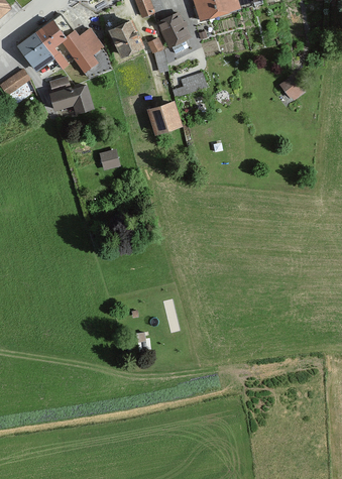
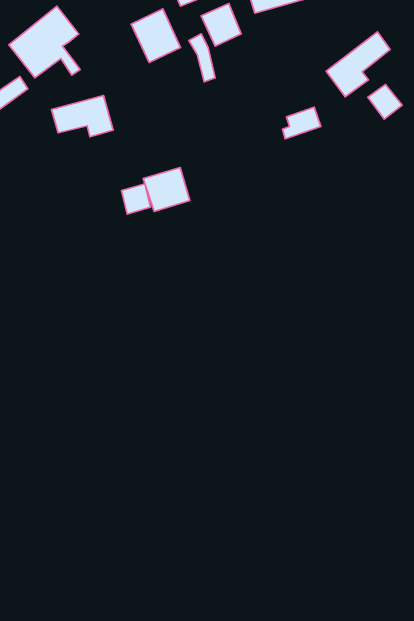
building: [62,28,105,75] -> none
building: none -> [326,32,390,97]
building: [179,74,207,97] -> [282,107,321,139]
building: [146,101,181,133] -> [143,167,190,211]

